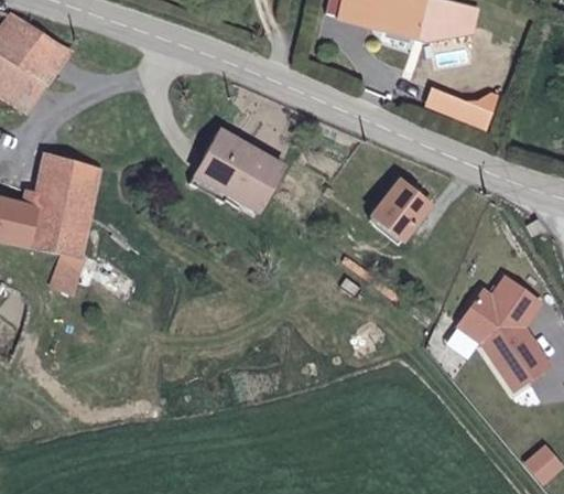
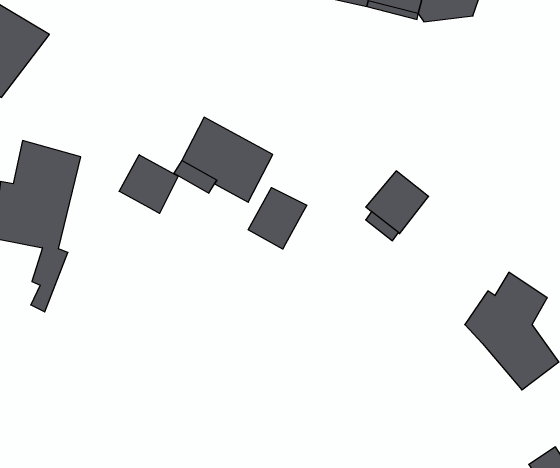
building: [424,80,496,128] -> none
building: none -> [119,155,178,213]
building: none -> [248,188,307,249]

